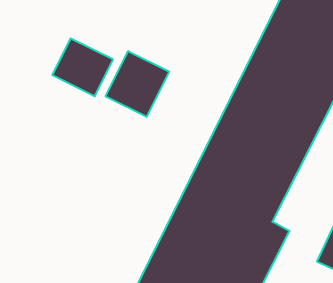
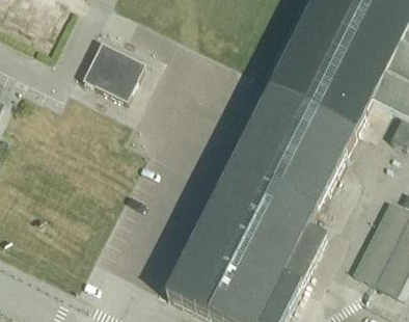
building: [106,51,169,117] -> none

